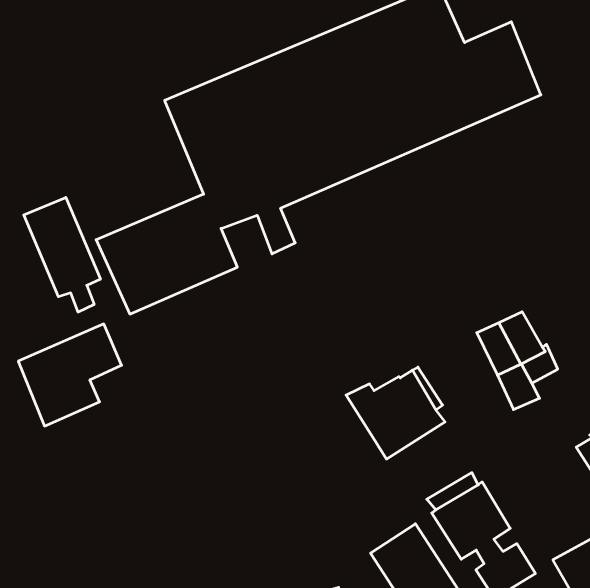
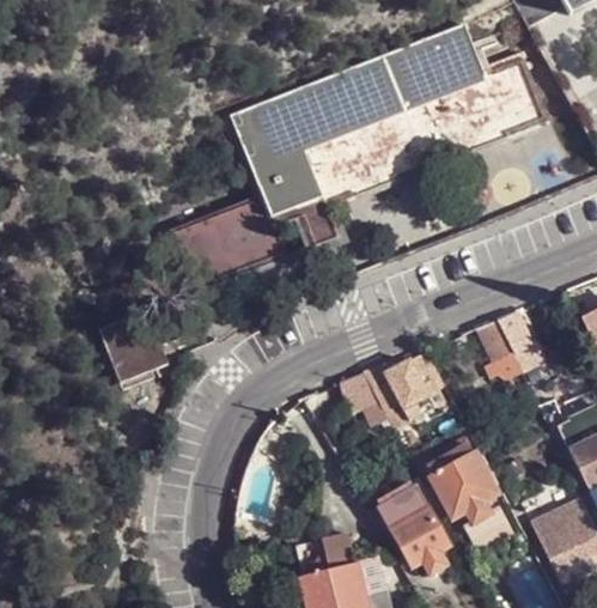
building: [24,197,100,312] -> none
building: none -> [340,371,389,427]

